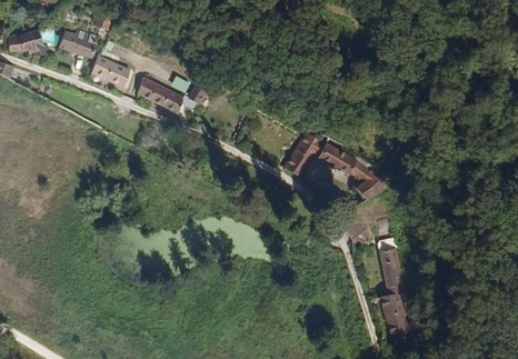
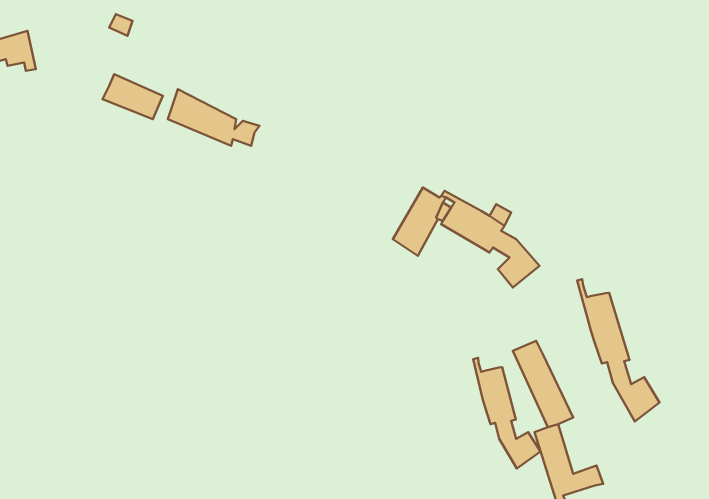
building: [60,31,101,61] -> none
building: none -> [577,279,659,421]
building: none -> [473,358,541,468]

